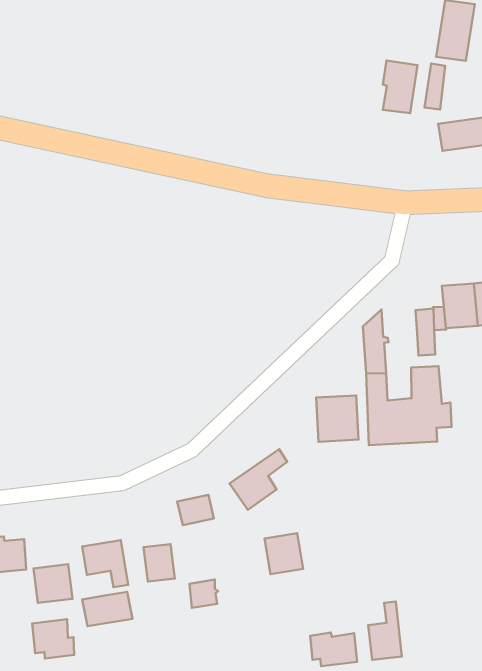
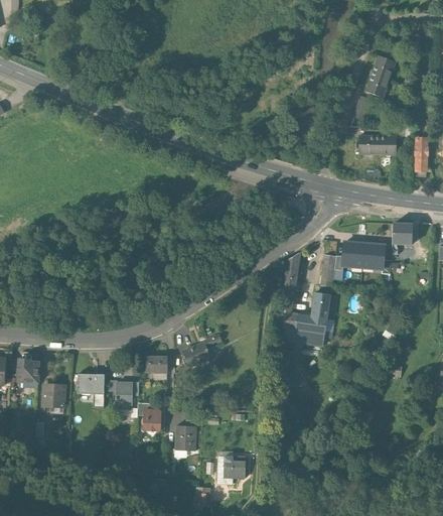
building: [383,61,418,113] -> none
building: [316,395,358,442] -> none
building: [264,533,303,574] -> [176,426,198,450]
building: [82,592,133,626] -> none
building: [368,602,402,660] -> none
building: [32,619,74,659] -> none

